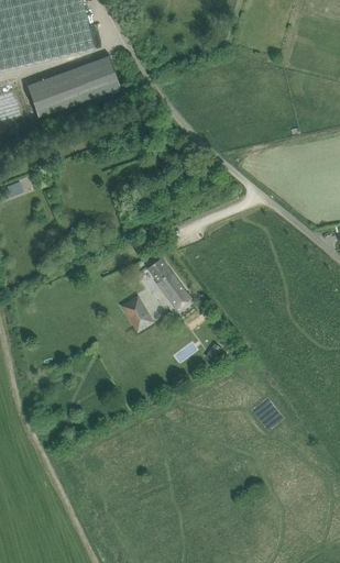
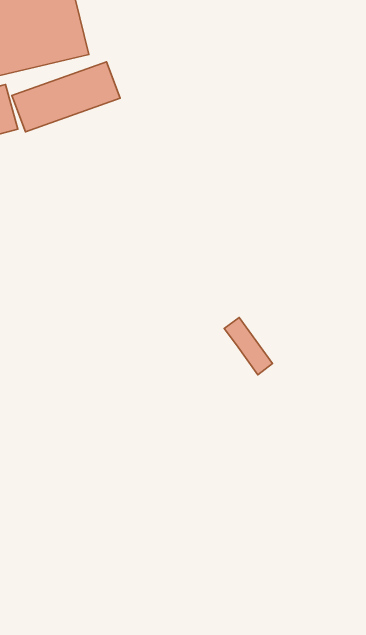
building: [147,258,190,309] -> [224,317,273,375]
building: [120,296,154,333] -> none

